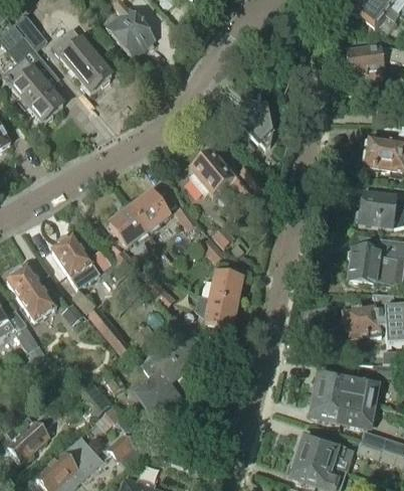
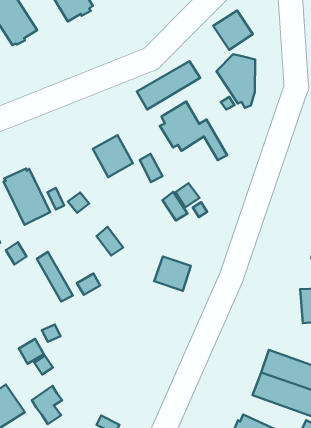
building: none -> [213,10,253,50]
building: none -> [137,61,200,110]
building: [110,207,149,247] -> none
building: [203,273,242,303] -> none
building: [134,325,193,416] -> none

